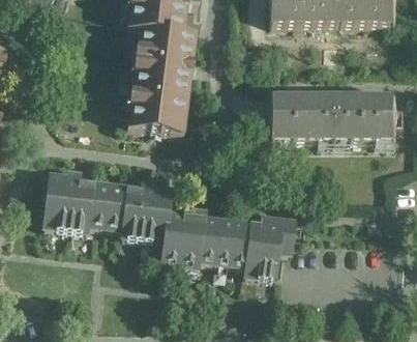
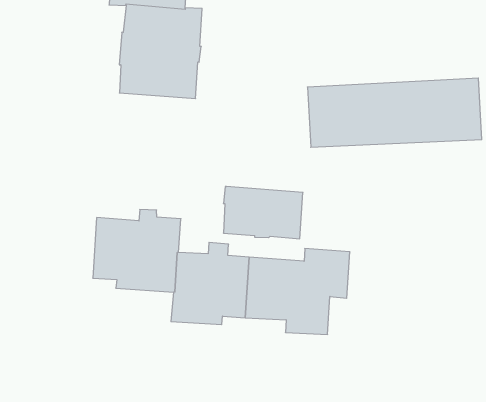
building: [126,92,186,134] -> [223,187,303,239]
building: [41,170,109,232] -> none

